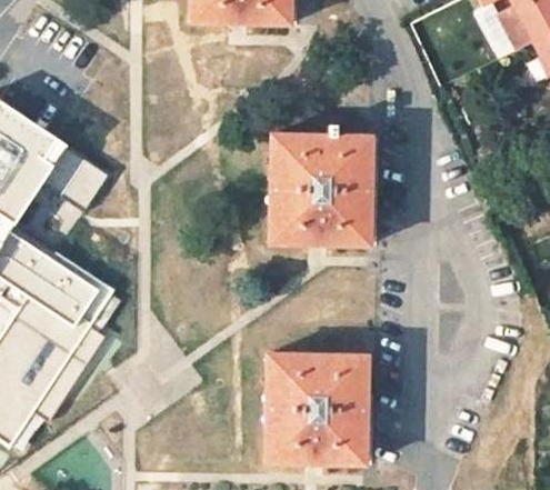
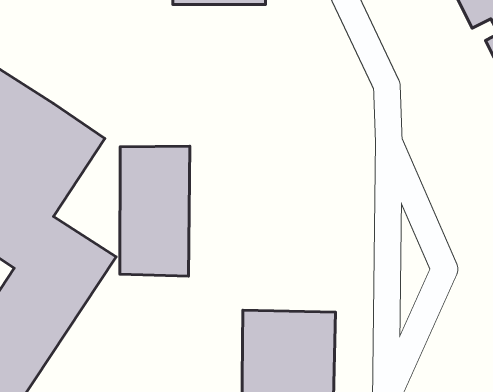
building: [267,134,367,244] -> none
building: none -> [120,146,190,276]

